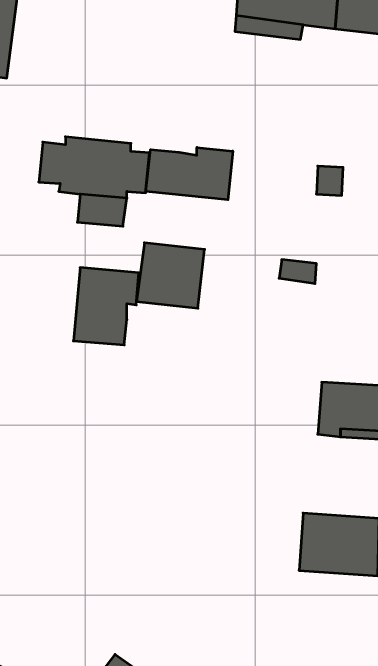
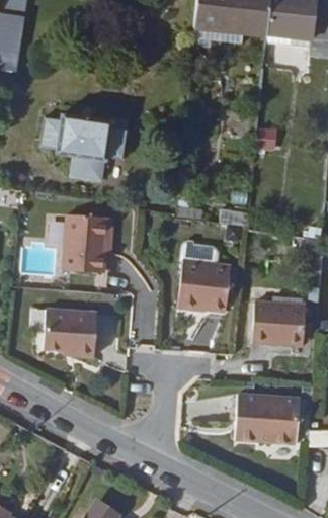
building: [146,147,233,200] -> none
building: [136,243,205,308] -> [180,257,232,307]
building: none -> [46,307,98,355]

